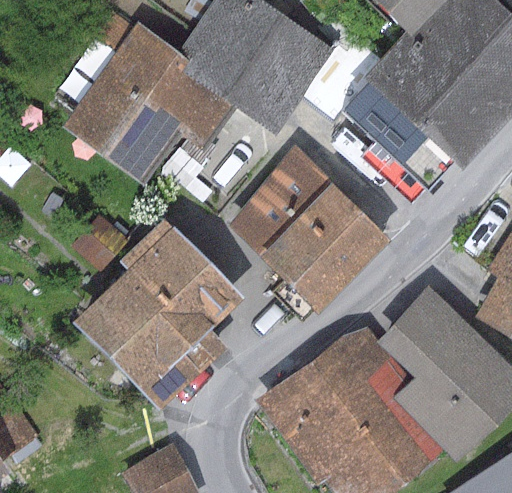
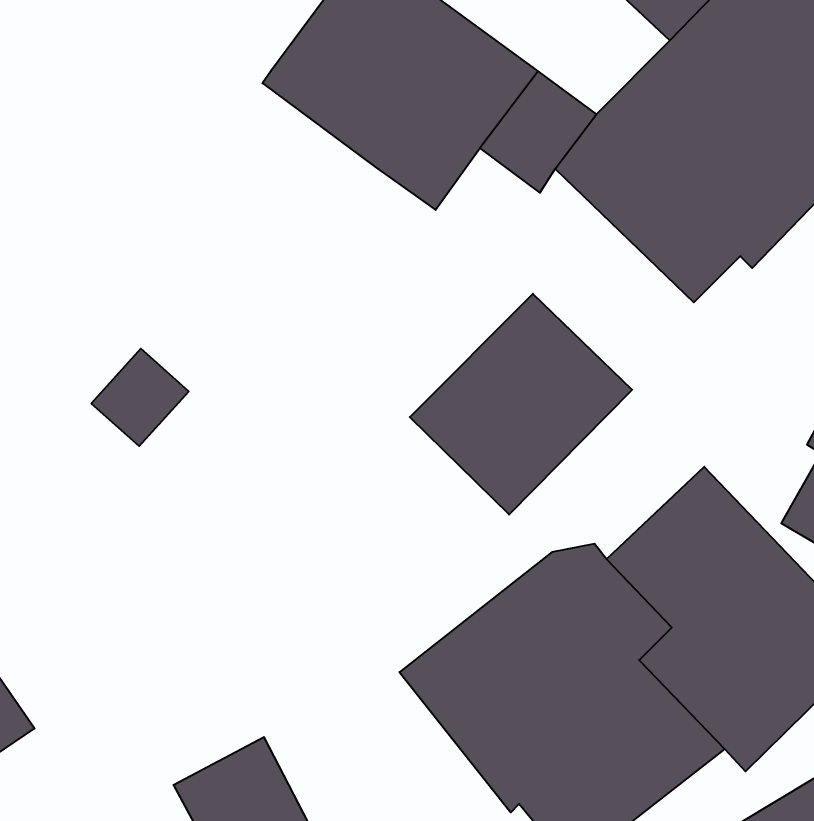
building: [62,22,240,186] -> none
building: [226,150,332,255] -> none
building: [74,217,242,410] -> none

